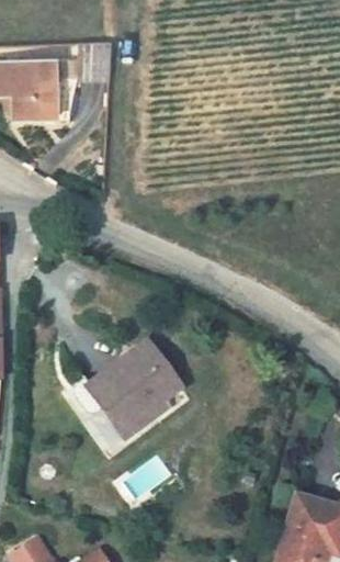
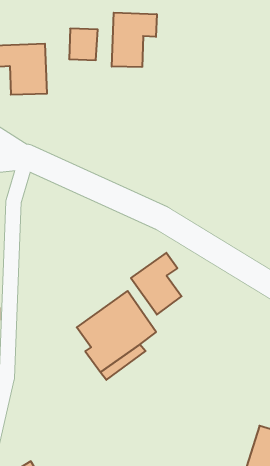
building: none -> [112,13,157,67]
building: none -> [131,253,182,315]

